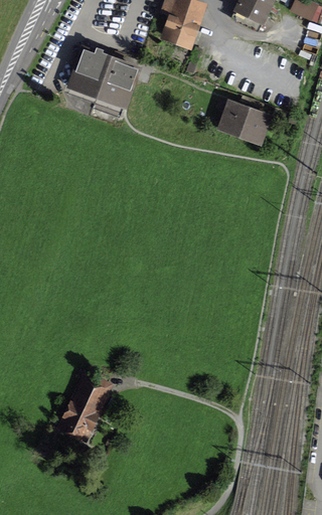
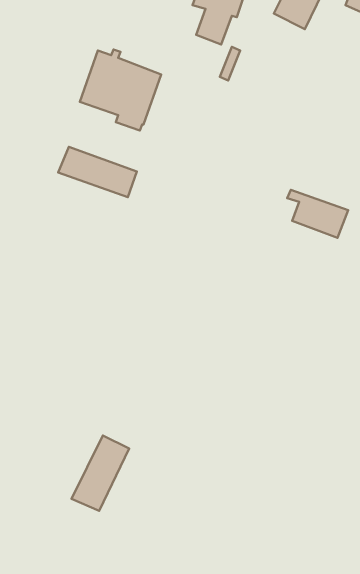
building: [218,100,270,140] -> [287,190,348,238]
building: none -> [58,147,137,197]

